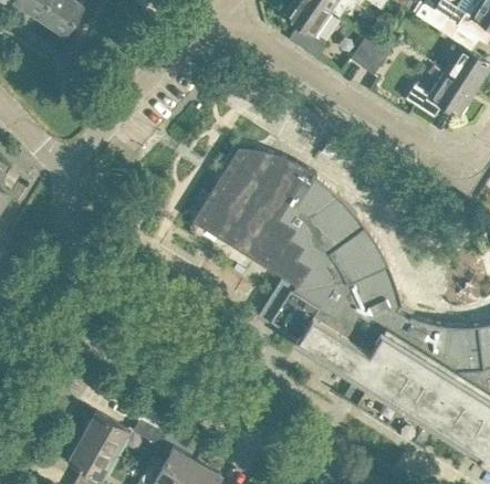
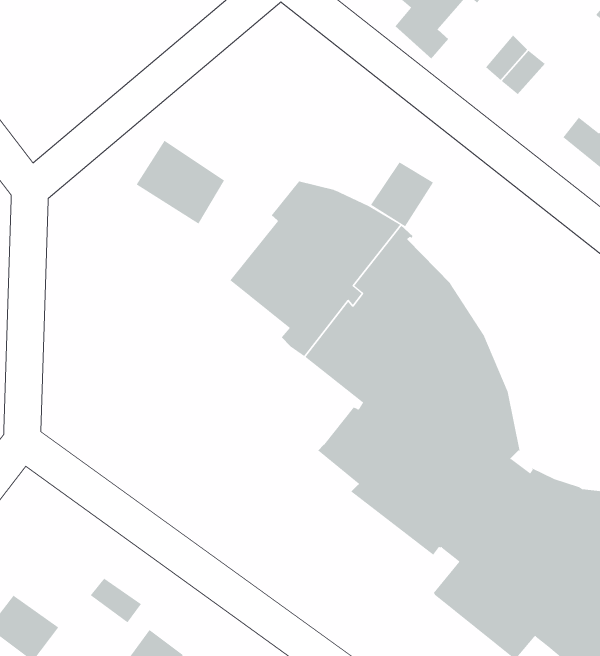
building: none -> [370,162,434,227]
building: none -> [136,140,225,225]
building: [82,411,127,453] -> none

